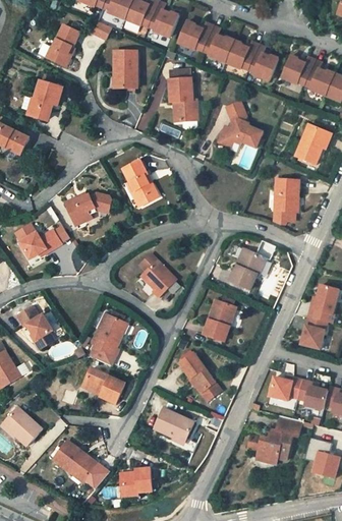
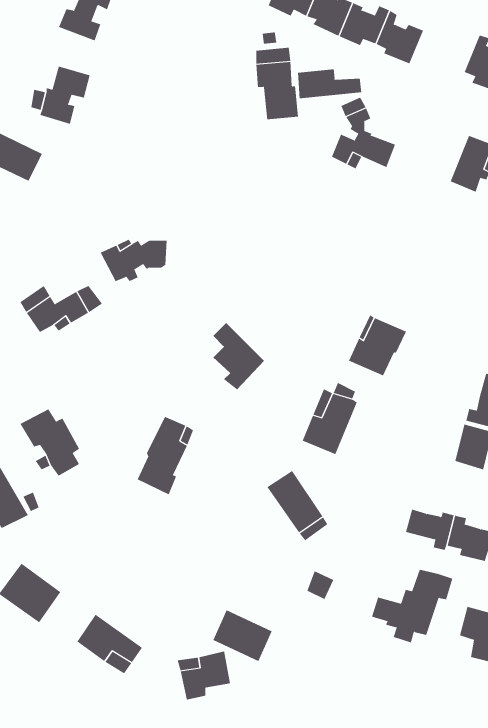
building: [114,50,138,88] -> none
building: [283,53,318,86] -> none
building: none -> [297,68,362,99]
building: [124,163,158,206] -> none
building: [274,183,296,227] -> none
building: [89,367,129,402] -> none
building: [152,406,191,441] -> [212,609,273,662]

